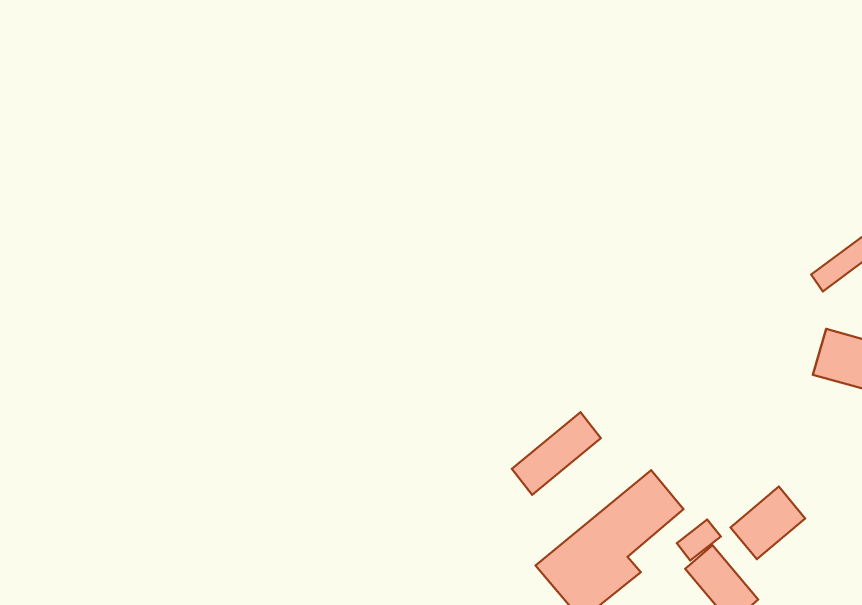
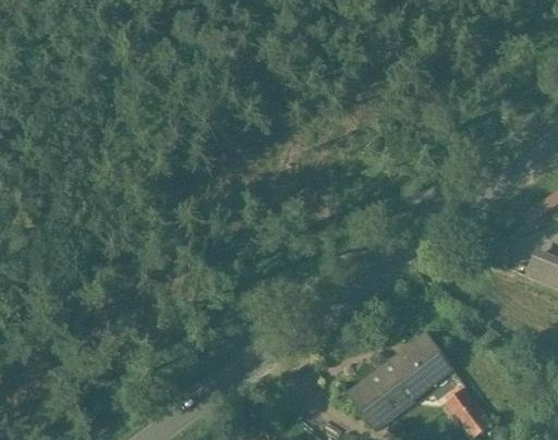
building: [512,412,601,495] -> none
building: [731,487,805,559] -> none

